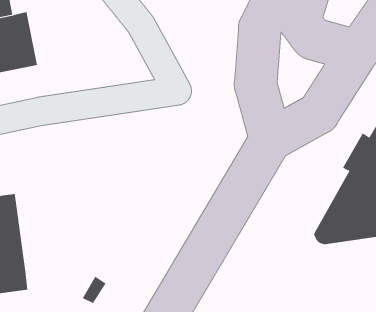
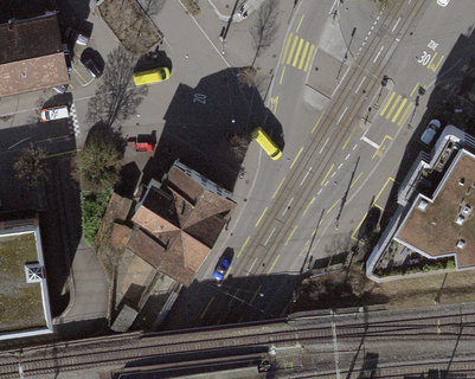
building: none -> [131,171,235,281]

